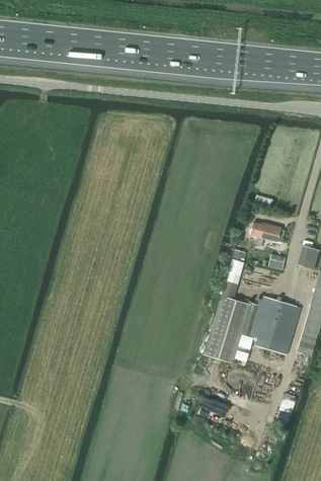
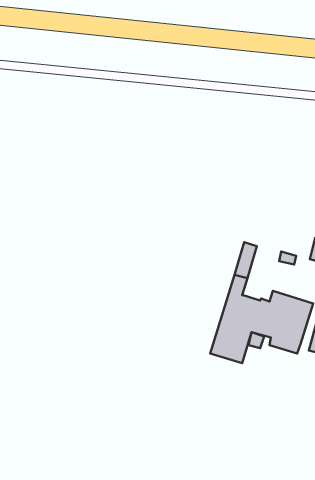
building: [250,223,285,246] -> none

